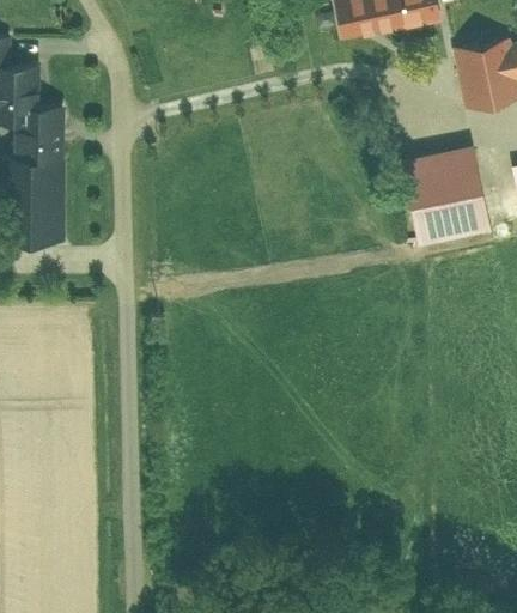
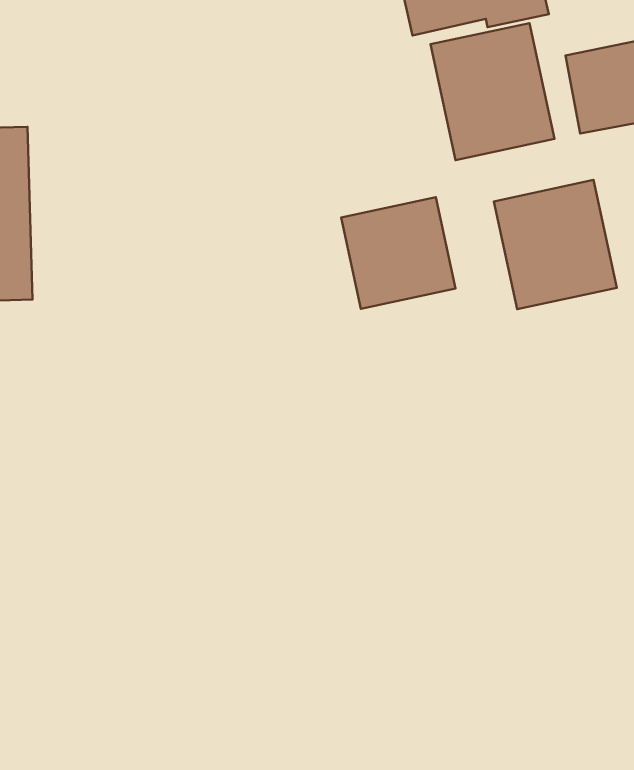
building: none -> [430,23,554,160]
building: none -> [341,197,456,309]

